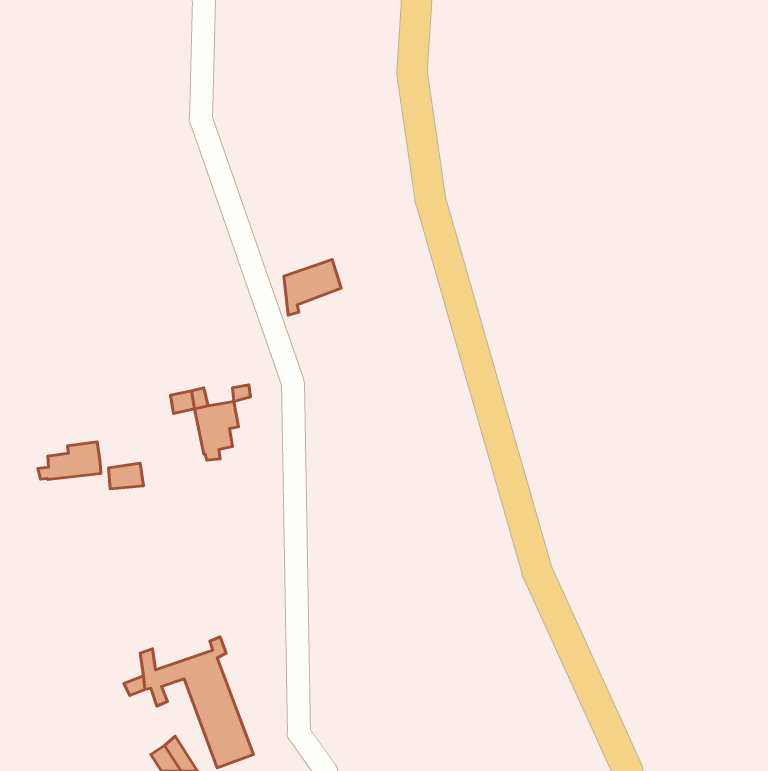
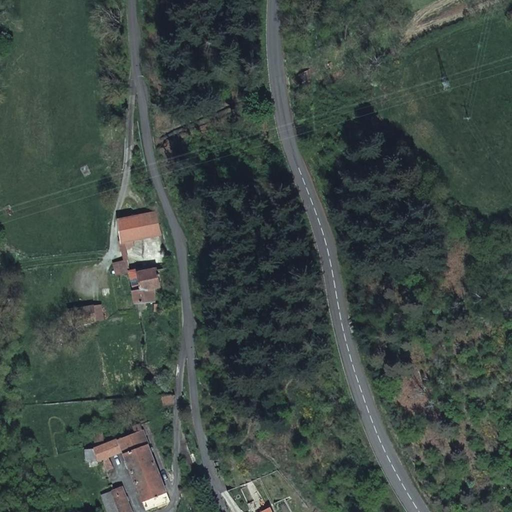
building: [284,259,341,315] -> [122,212,160,249]
building: [38,442,101,480] -> none

